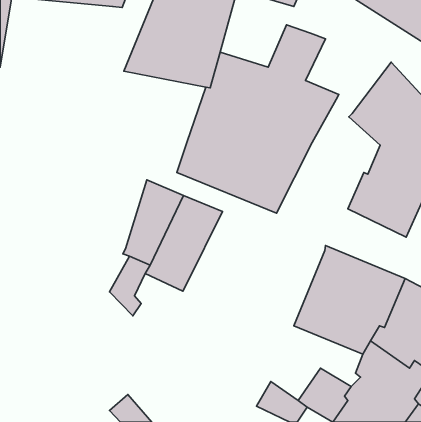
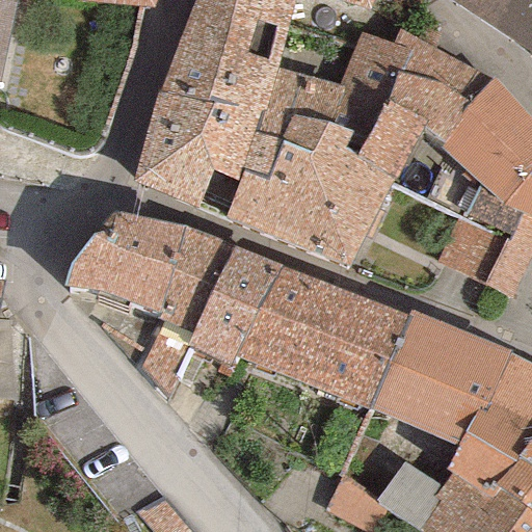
building: none -> [387,30,494,142]
building: none -> [135,89,262,209]
building: none -> [66,210,188,312]
building: none -> [238,265,410,408]

